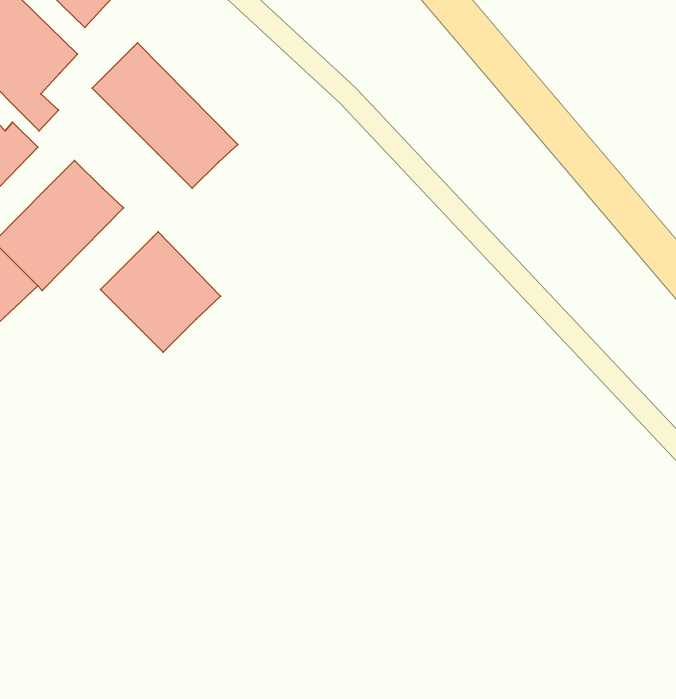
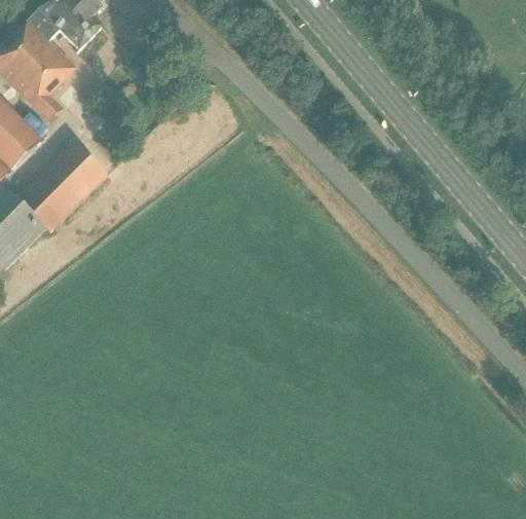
building: [92,43,238,188] -> none
building: [101,232,220,352] -> none

